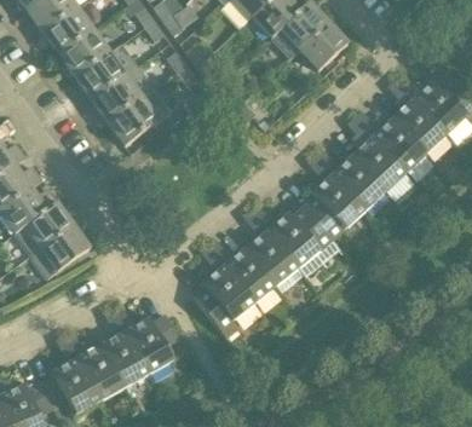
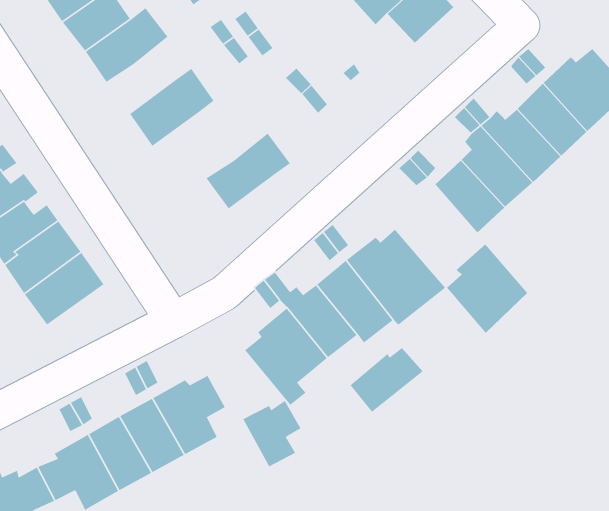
building: [90,64,152,121] -> [206,132,291,209]
building: [303,173,363,240] -> [446,243,528,334]
building: none -> [349,347,424,413]
building: none -> [242,400,301,467]

